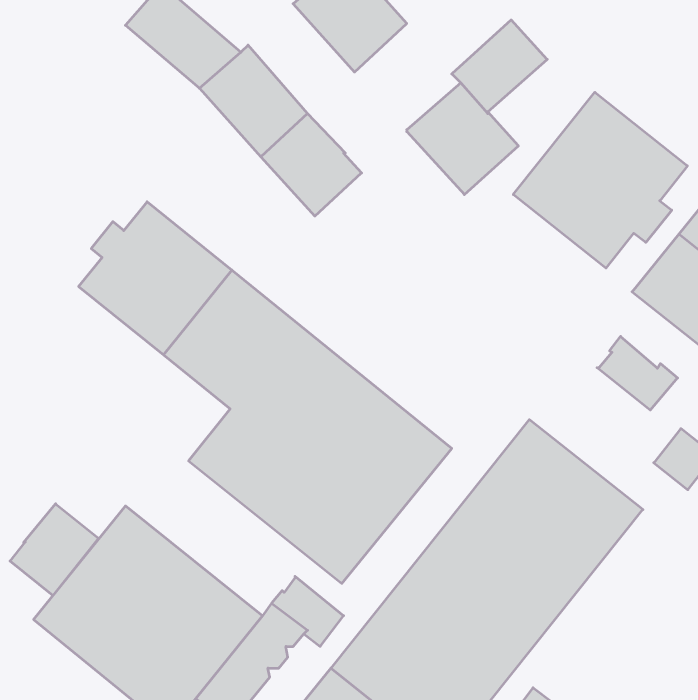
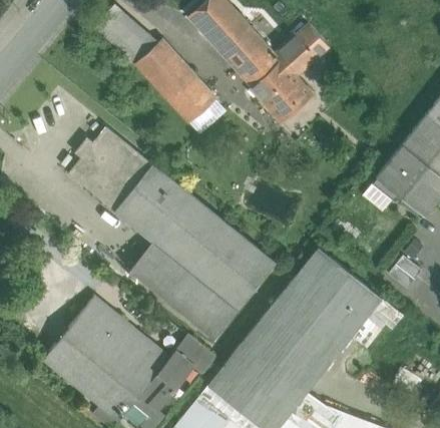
building: none -> [222,28,281,87]
building: [513,92,687,268] -> none
building: [597,336,678,410] -> none
building: [10,504,98,595] -> none

